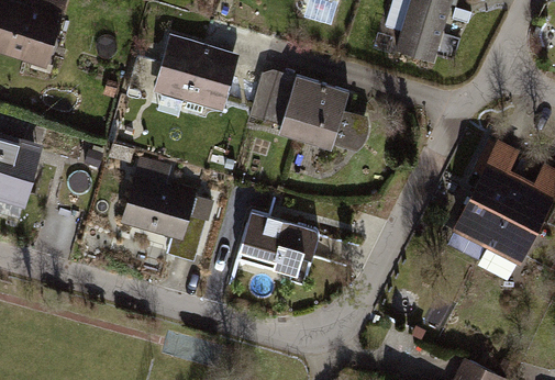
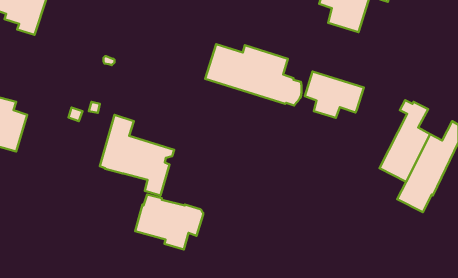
building: [162,40,234,115] -> none
building: none -> [305,72,364,118]
building: [238,211,320,277] -> [135,194,203,249]

